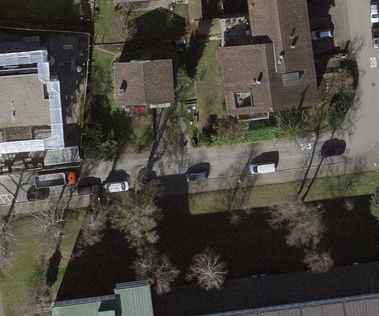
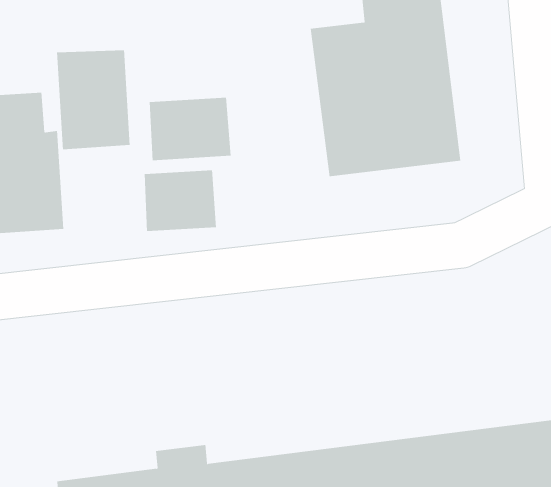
building: none -> [57,49,130,150]
building: none -> [144,170,216,232]

